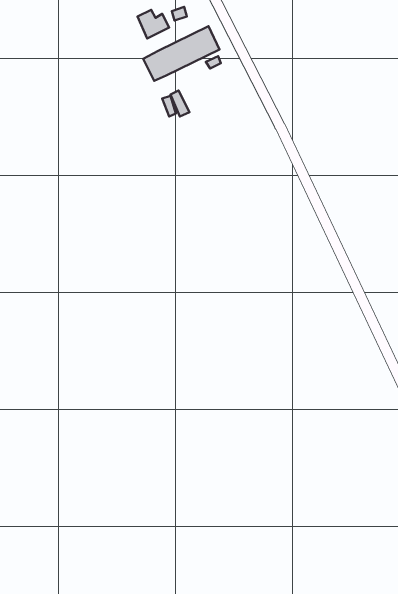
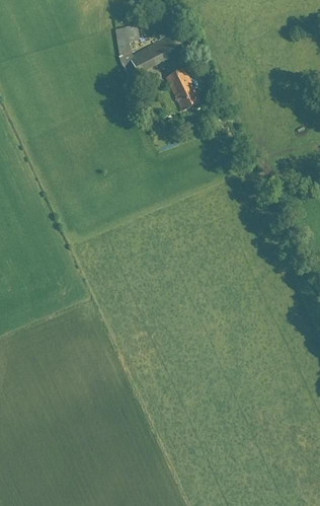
building: none -> [166,68,201,110]

